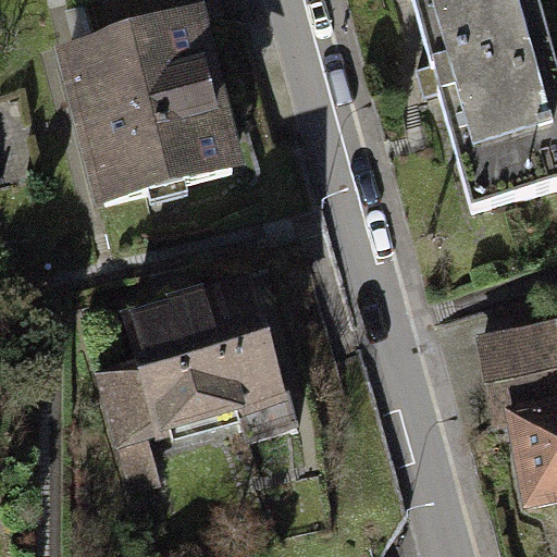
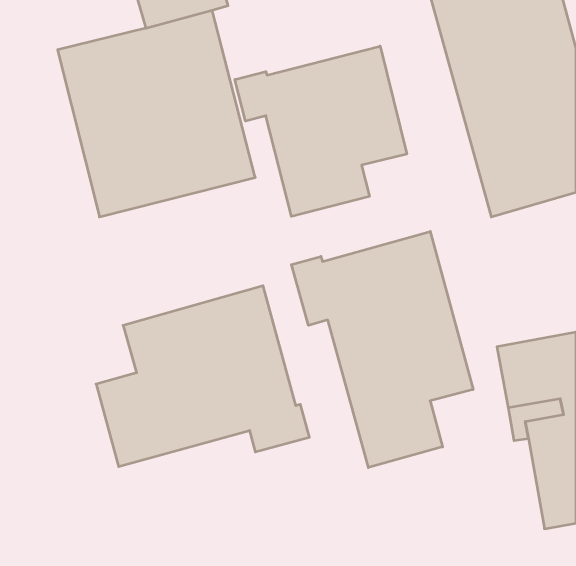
building: none -> [235,46,407,216]
building: none -> [291,231,473,468]

